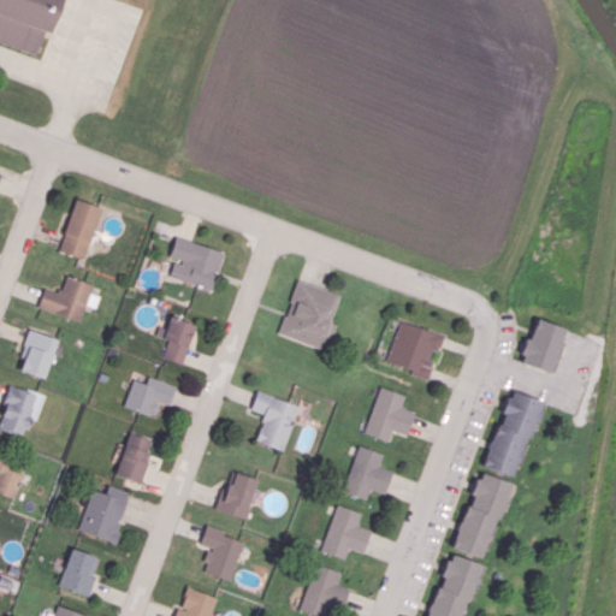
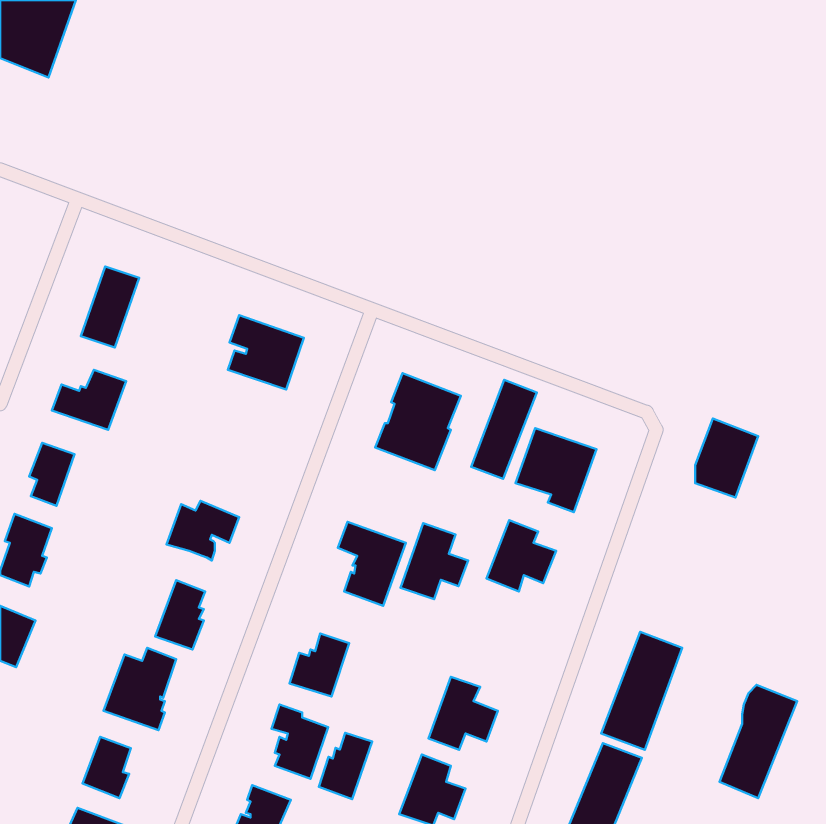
building: none -> [471,380,537,479]
building: [164,318,197,366] -> none
building: [481,391,539,475] -> [719,685,797,798]
building: [339,444,390,500] -> [400,523,468,599]
building: none -> [319,733,372,799]

